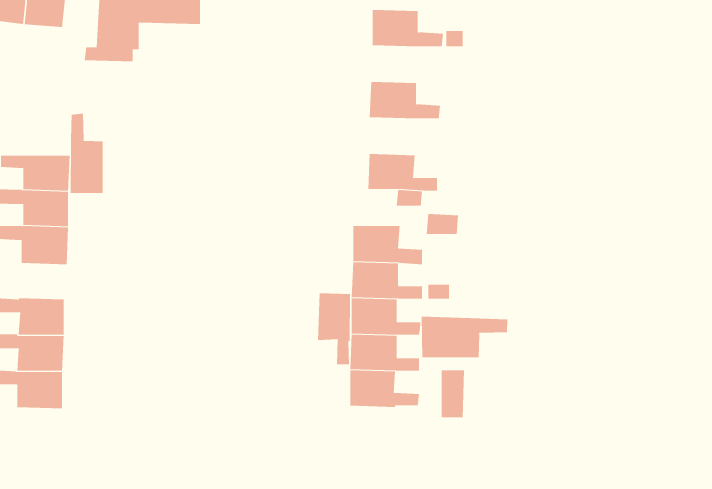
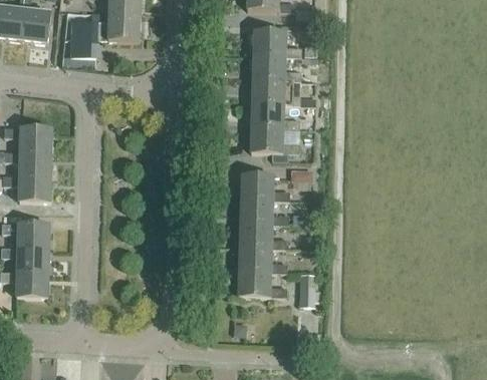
building: none -> [253,55,300,80]
building: [70,113,103,194] -> none
building: none -> [252,103,313,129]
building: [317,292,351,365] -> none
building: [421,316,508,358] -> none

